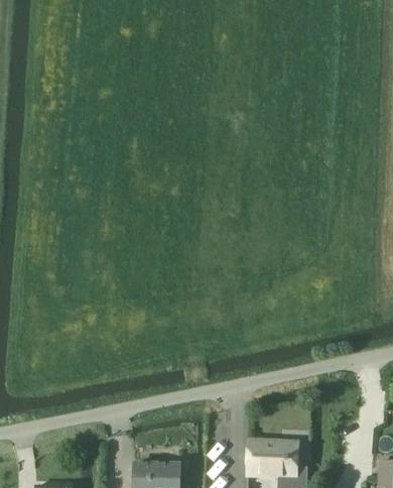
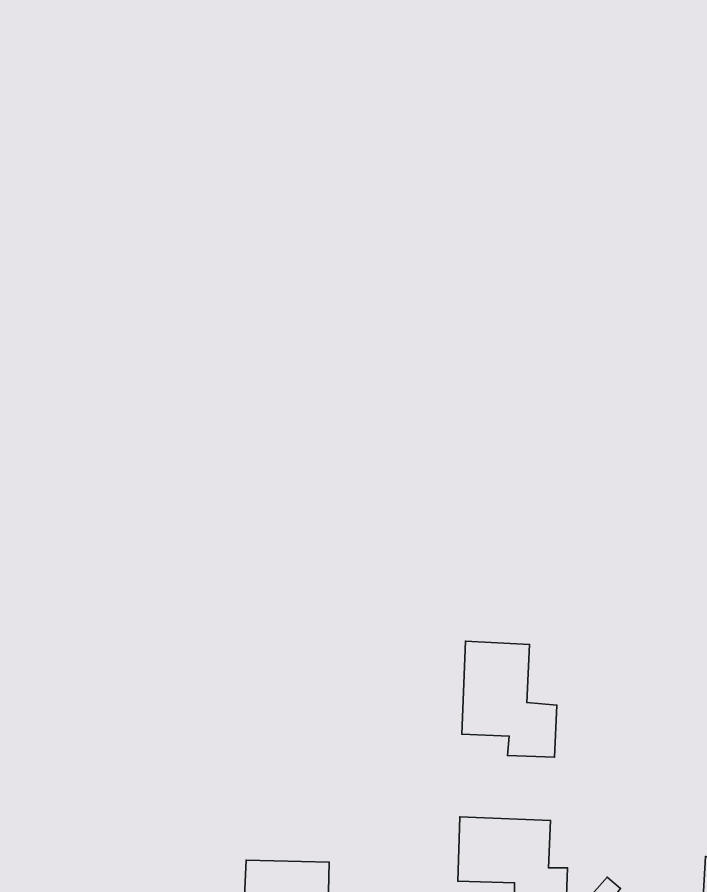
building: none -> [462,641,557,757]

